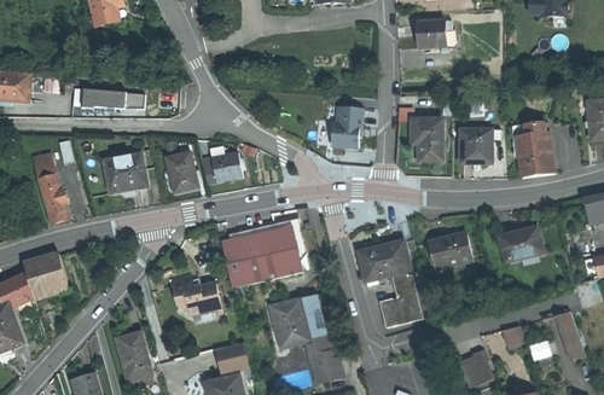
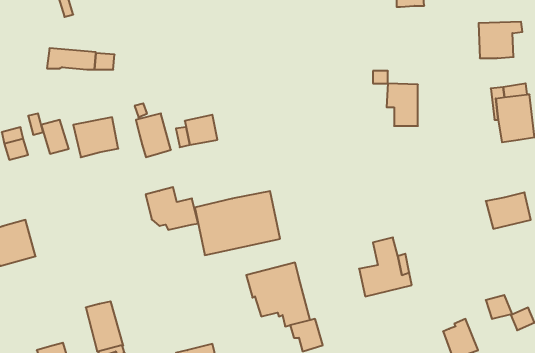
building: [329,106,360,149] -> none
building: [454,129,496,164] -> [479,22,522,58]
building: [42,190,69,222] -> [41,120,69,154]
building: [431,233,474,267] -> none
building: [359,239,412,278] -> none
building: [173,272,223,313] -> [146,187,198,230]
building: [215,342,250,373] -> none

